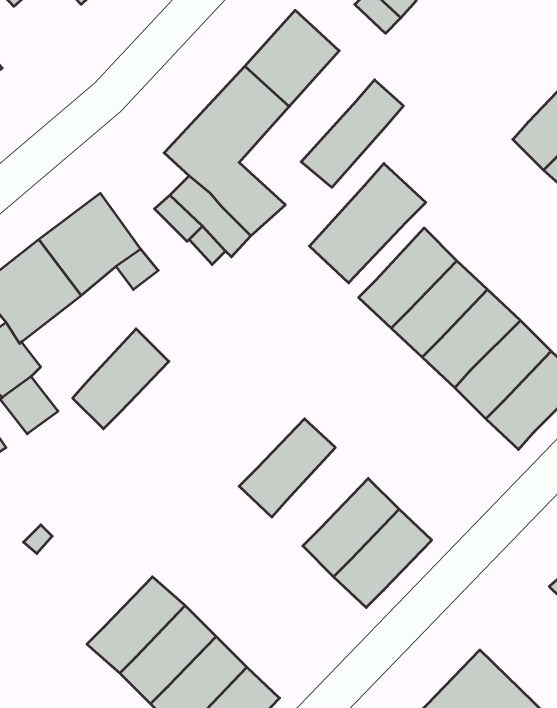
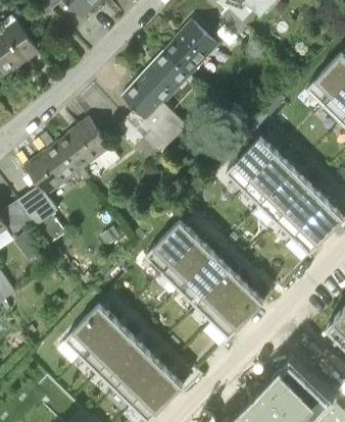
building: [301,80,403,187] -> none
building: [309,163,426,283] -> none
building: [73,329,169,429] -> [146,219,197,272]
building: none -> [180,252,231,304]
building: none -> [65,304,116,356]

